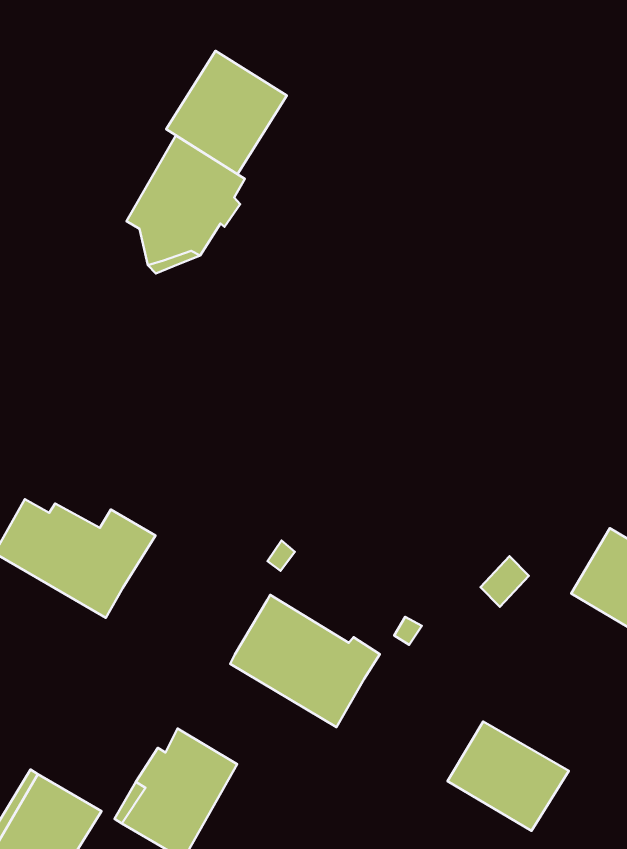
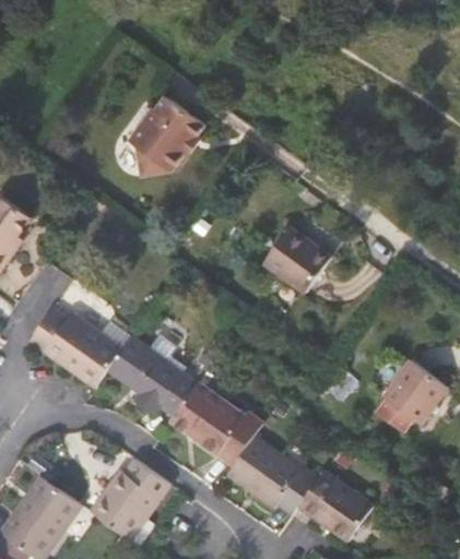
building: [166,51,287,174] -> none
building: none -> [261,225,330,294]
building: none -> [107,334,196,417]
building: none -> [224,439,314,513]

